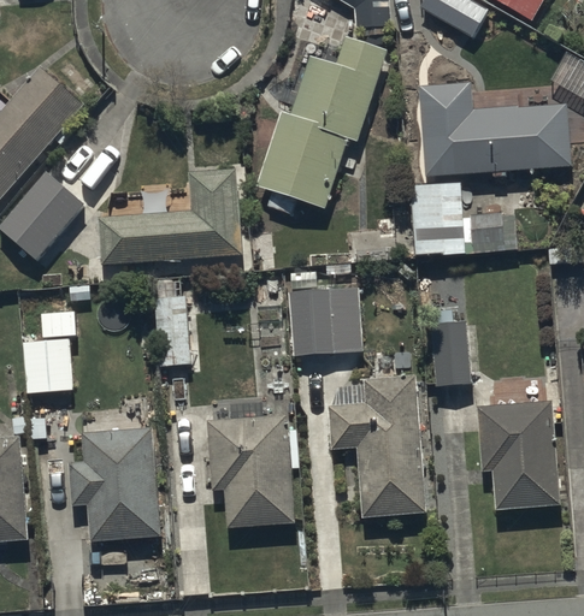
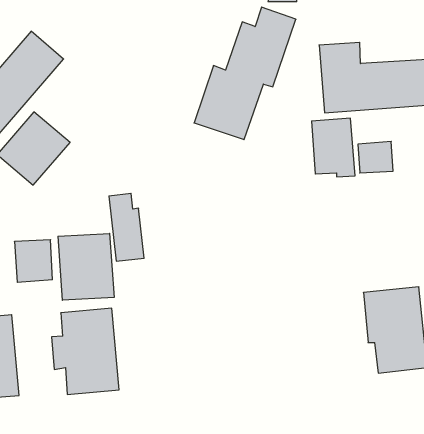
building: [100,168,242,265] -> none
building: [288,288,360,353] -> none
building: [432,319,468,386] -> none
building: none -> [58,233,114,300]
building: [328,375,424,515] -> none
building: [200,416,291,525] -> none

